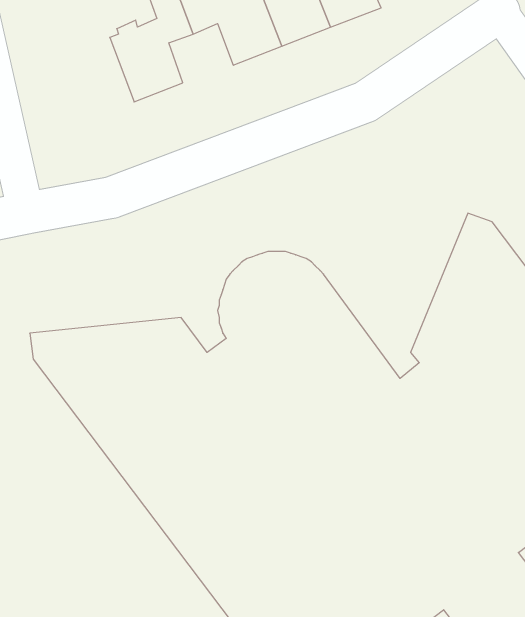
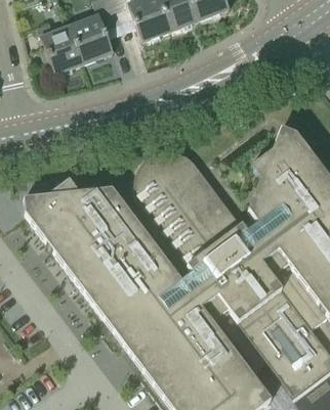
building: none -> [38,22,86,75]

